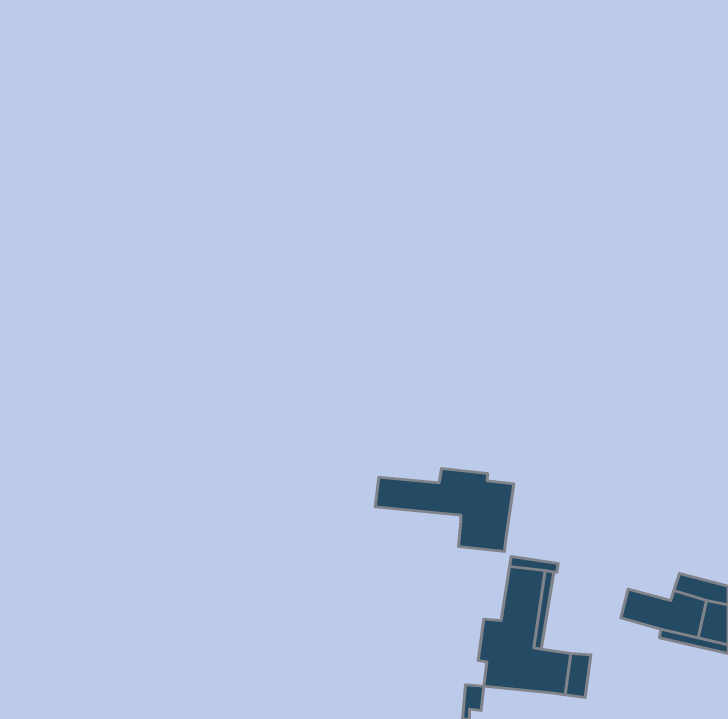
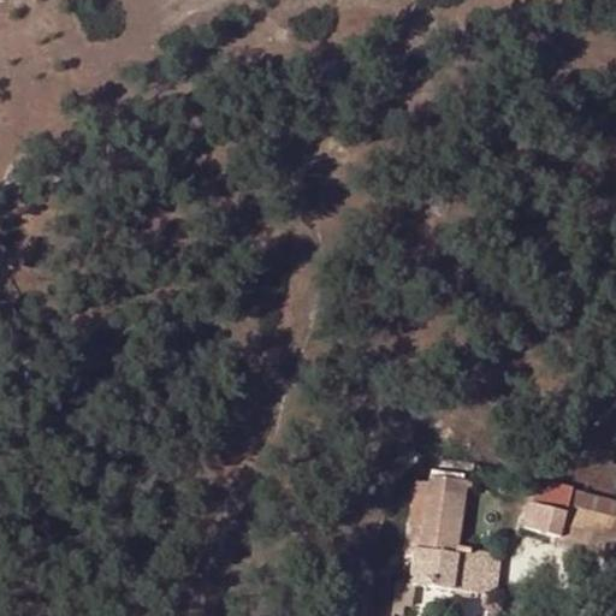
building: [375,469,514,551] -> none

